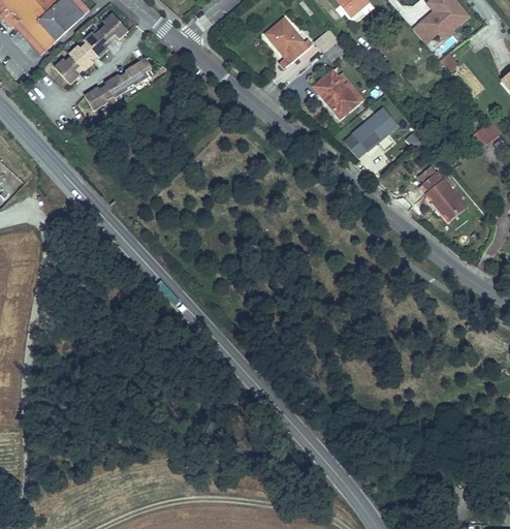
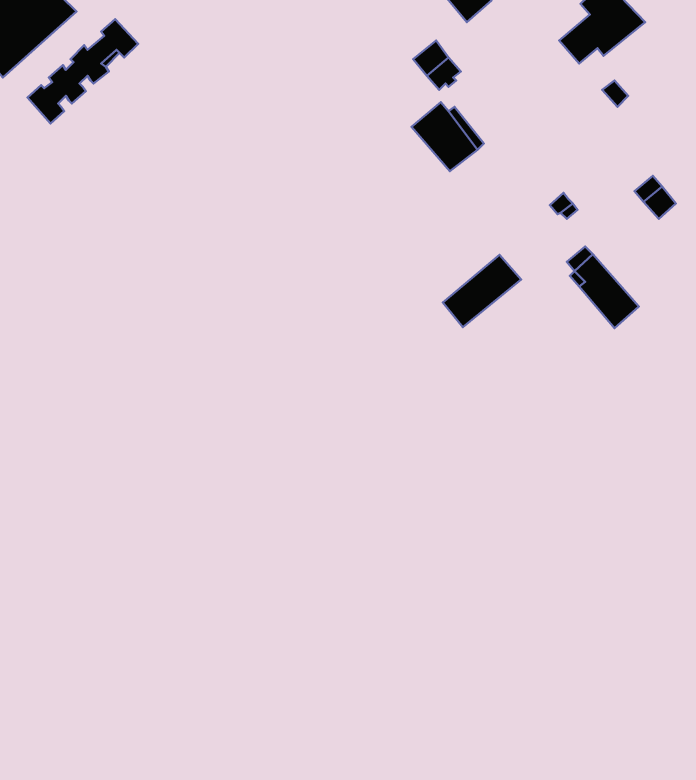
building: [264,19,307,62] -> none
building: [84,57,152,110] -> none
building: [344,108,396,157] -> [443,255,521,327]

